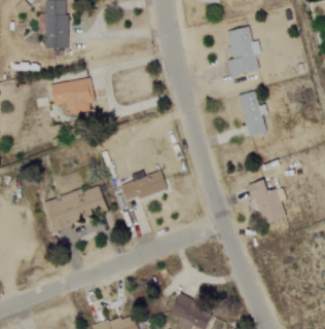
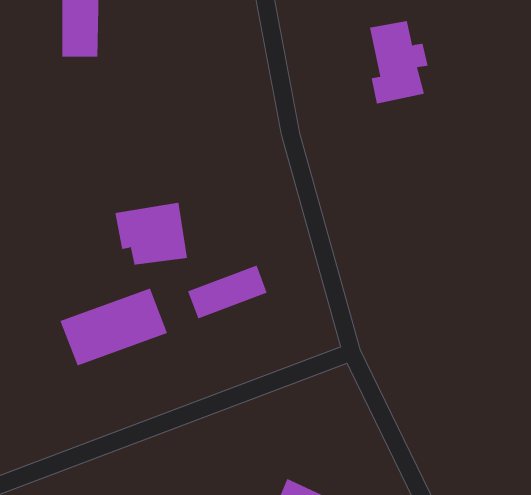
building: [50,78,94,115] -> [114,202,188,265]
building: [238,90,267,137] -> none
building: [247,179,286,224] -> none

